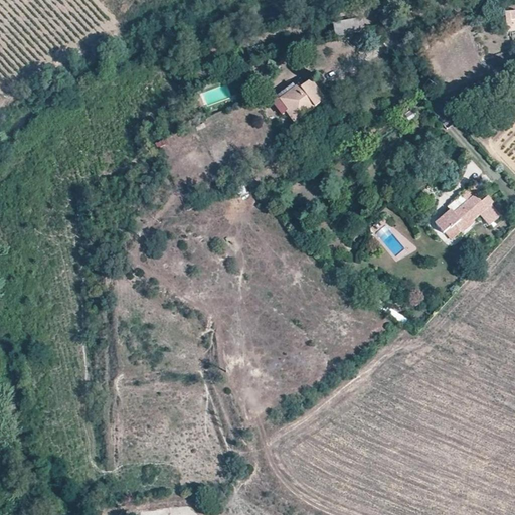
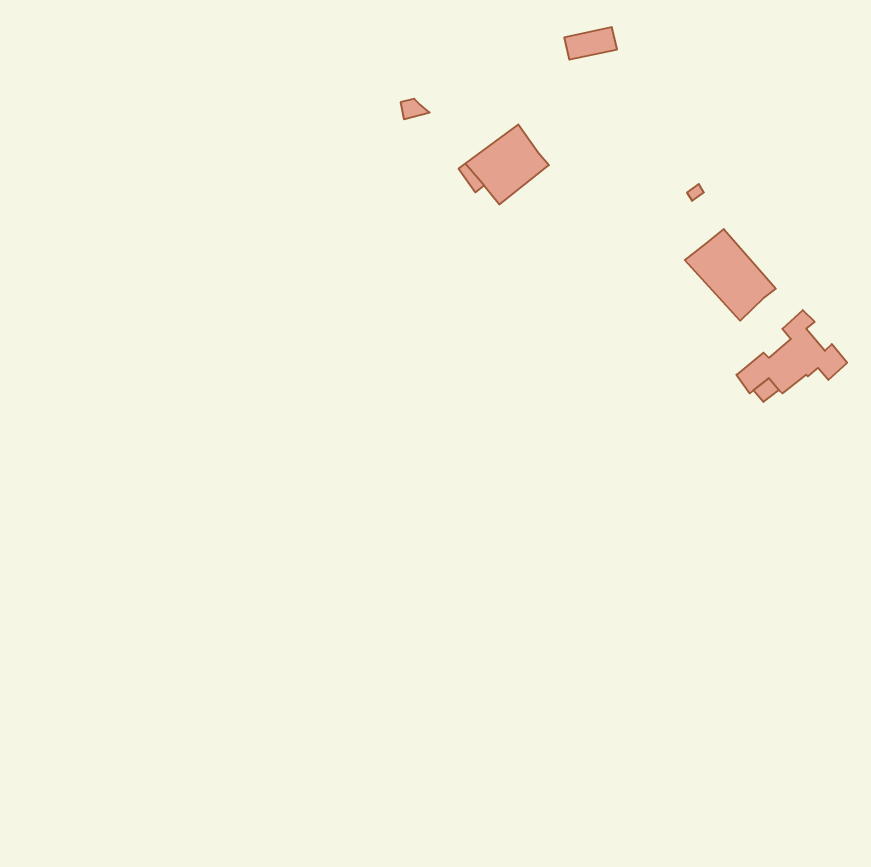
building: none -> [685,229,776,321]

